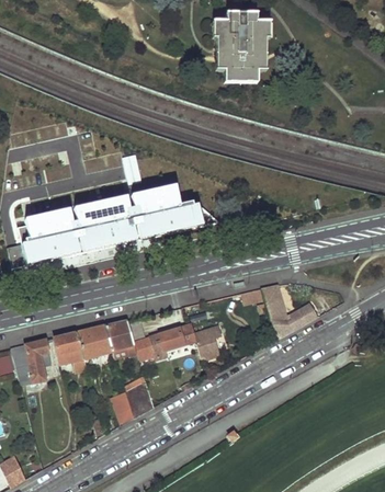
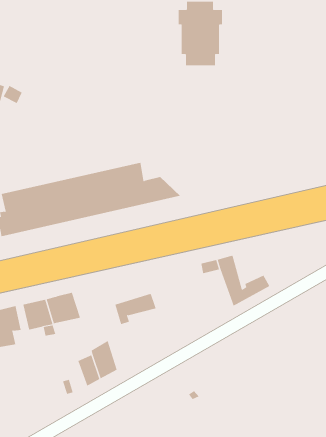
building: [104,320,136,355] -> none
building: [192,328,220,363] -> none

